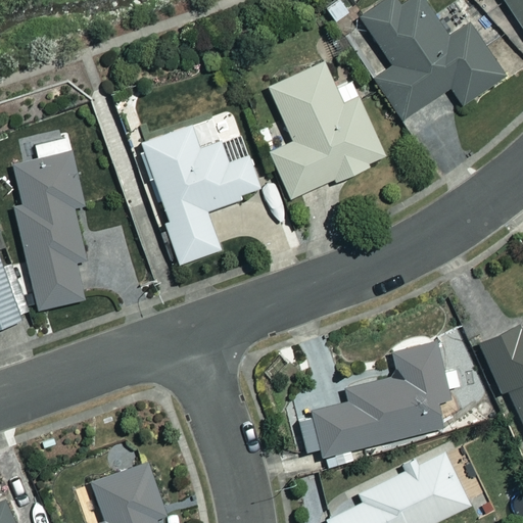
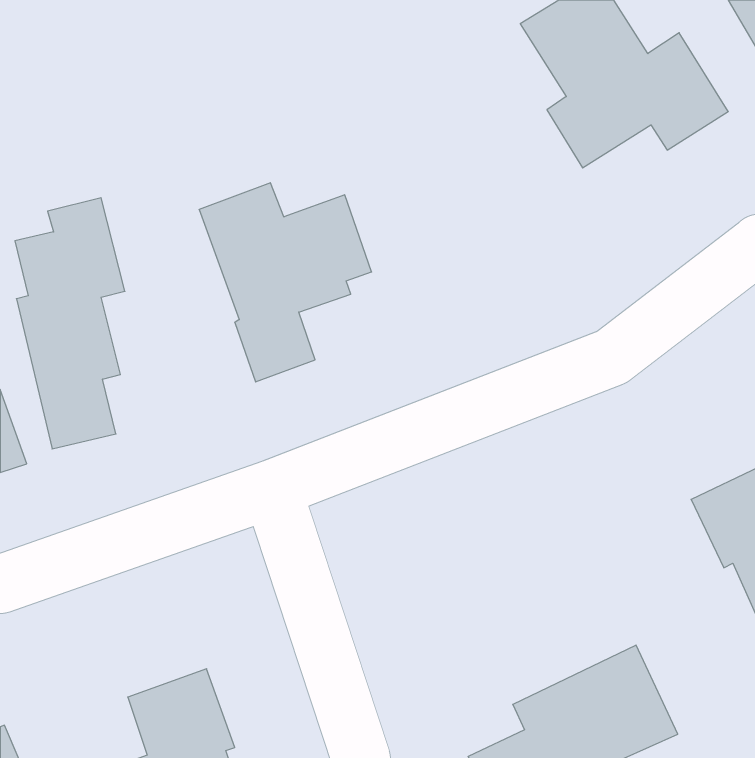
building: [269,60,384,196] -> none
building: [296,341,461,471] -> none

